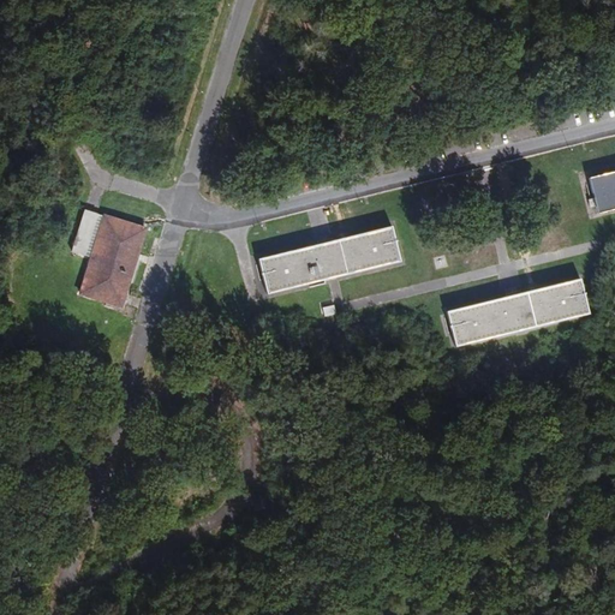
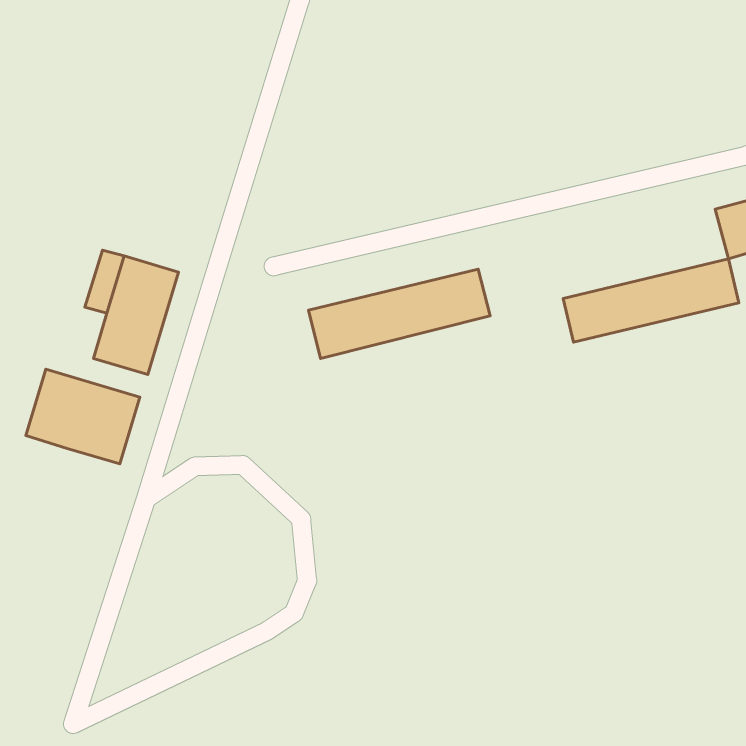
building: [448,277,592,346] -> [563,259,739,342]
building: none -> [26,369,140,464]

